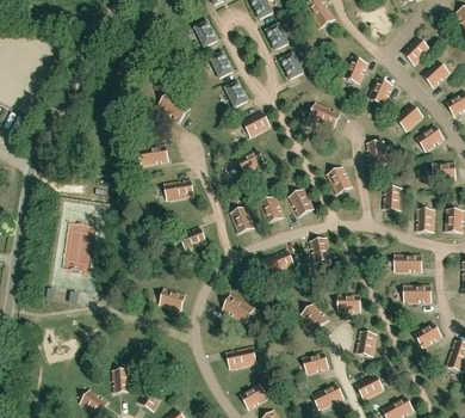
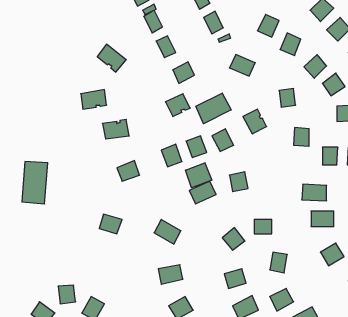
building: none -> [196,93,231,124]
building: none -> [185,163,212,188]

